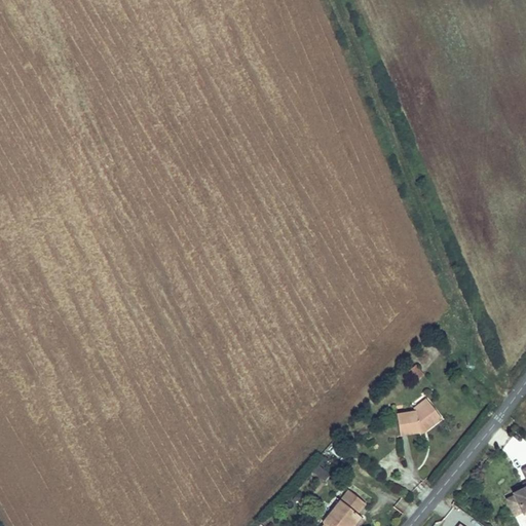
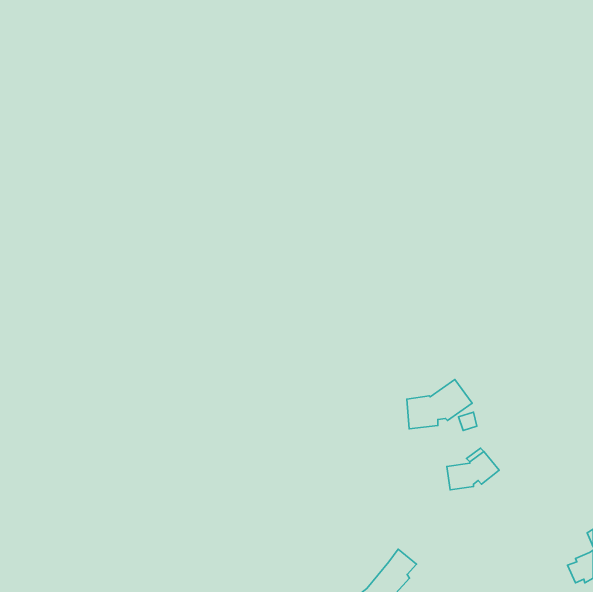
building: none -> [407,379,472,429]

